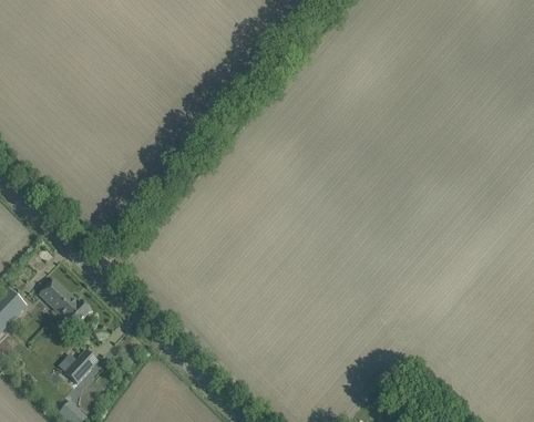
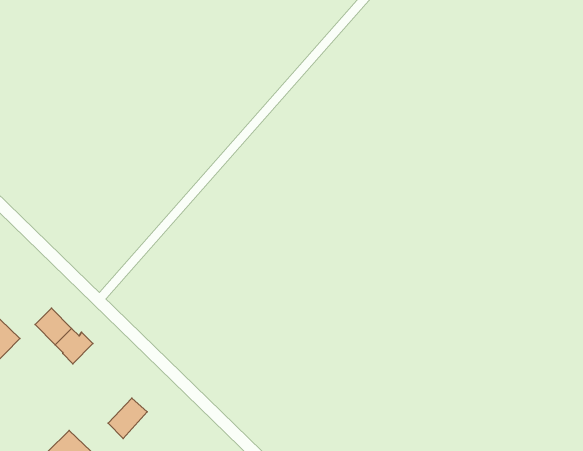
building: [63,348,97,383] -> [108,398,147,438]

